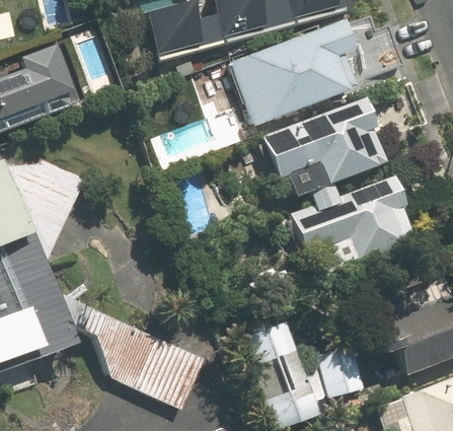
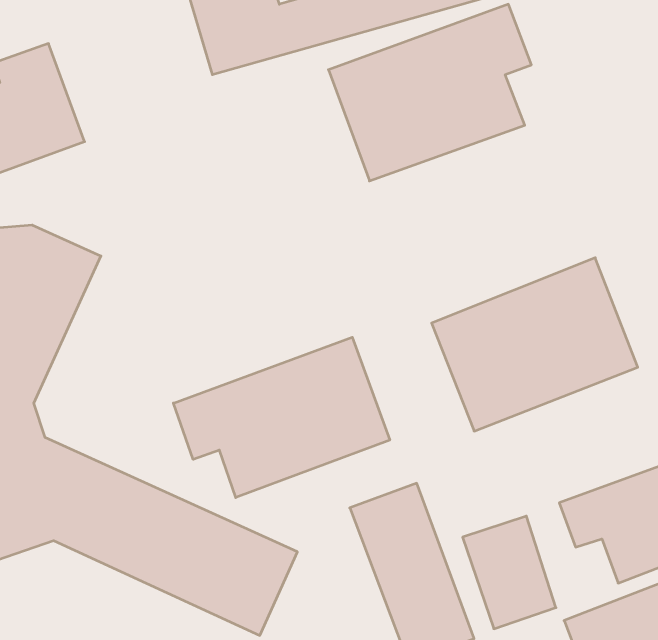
building: [261,99,386,205] -> none
building: none -> [173,337,390,498]

